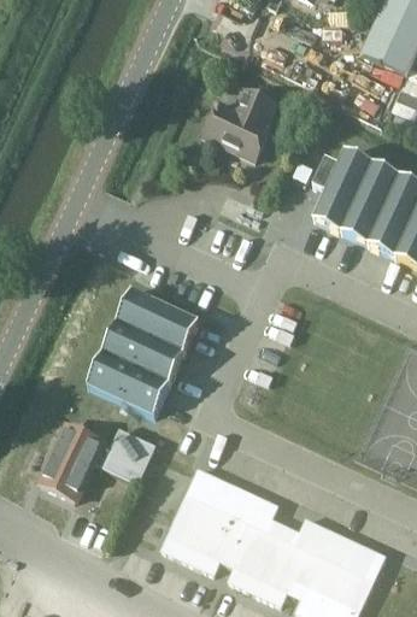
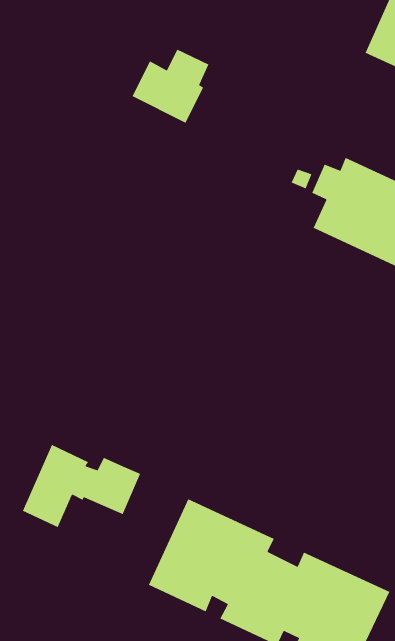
building: [206,89,278,159] -> [131,49,209,124]
building: [87,288,199,413] -> none

